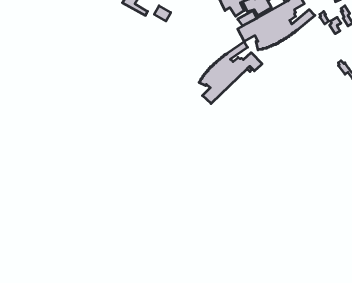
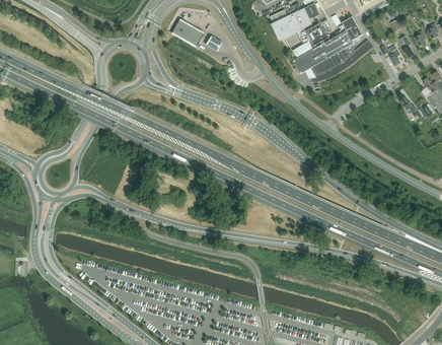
building: [199,41,262,104] -> none

